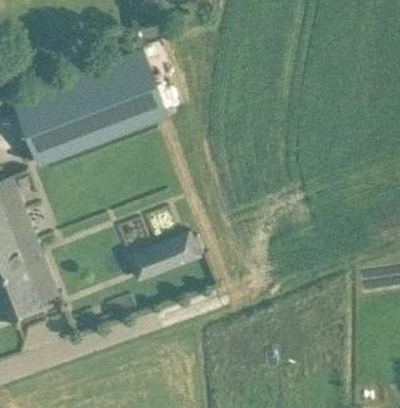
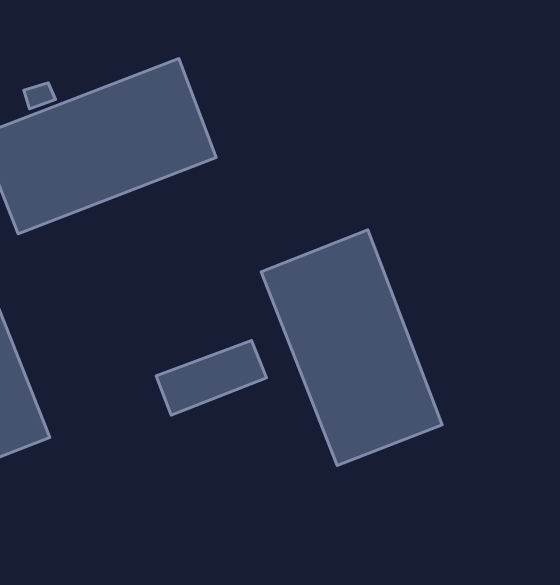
building: none -> [261,230,442,465]

